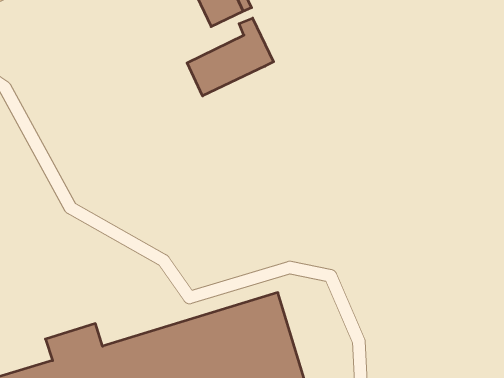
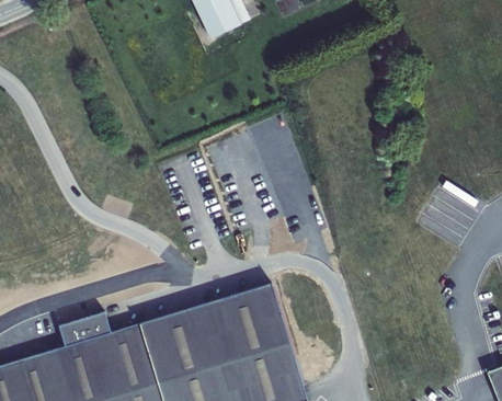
building: [187,18,274,96] -> none

